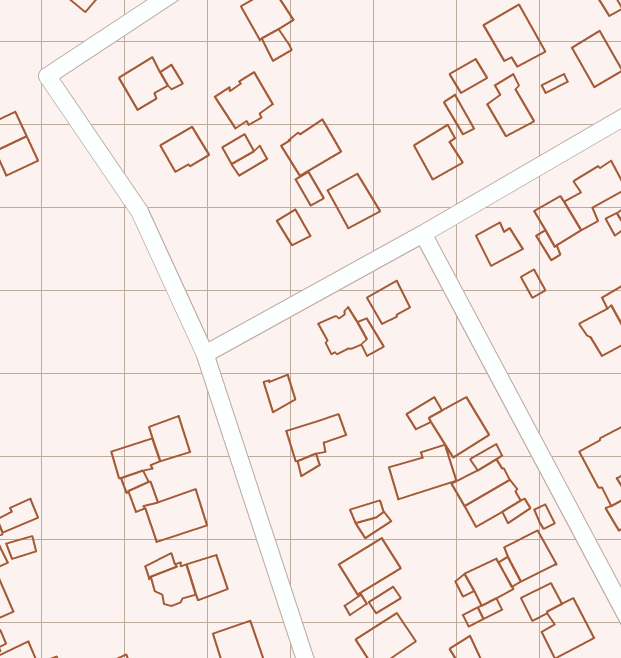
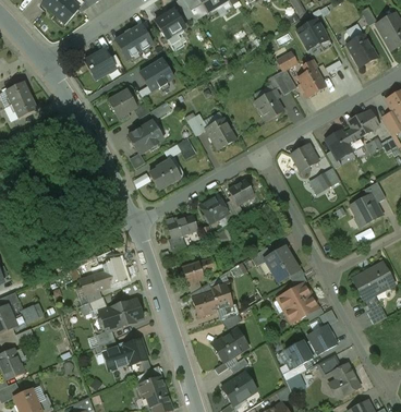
building: none -> [116,22,153,57]
building: [281,119,341,176] -> [127,120,162,153]
building: none -> [149,159,180,189]
building: none -> [166,215,196,238]
building: [389,445,456,499] -> [192,283,231,315]

